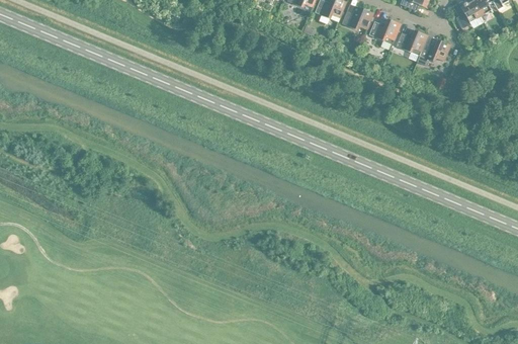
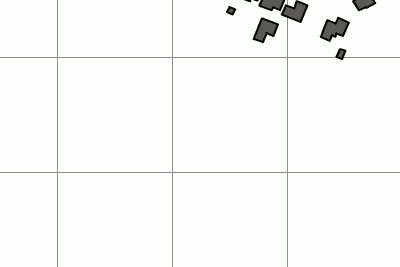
building: [396,29,427,52] -> none
building: none -> [254,18,278,42]

